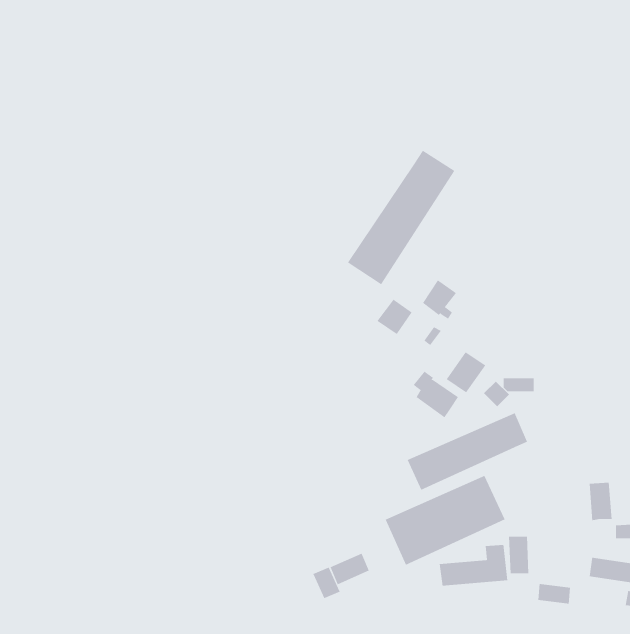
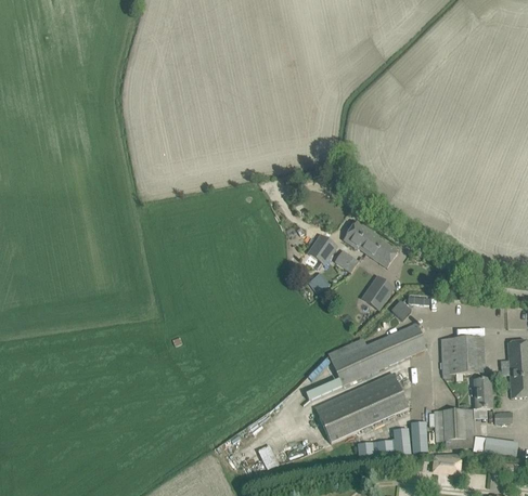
building: [347,150,455,285] -> none
building: [413,371,459,418] -> [361,230,397,266]
building: none -> [440,336,482,373]
building: none -> [434,407,474,445]
building: [330,553,369,585] -> none

